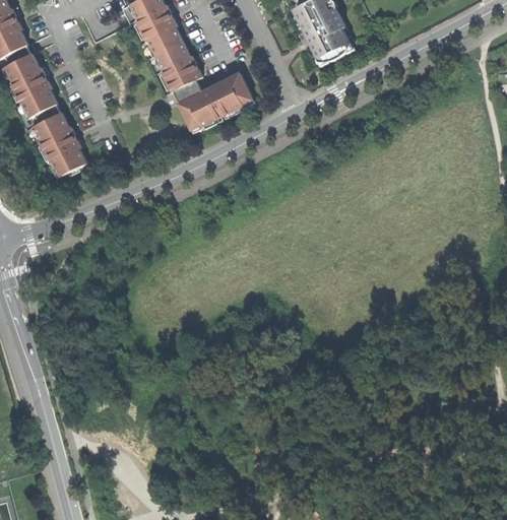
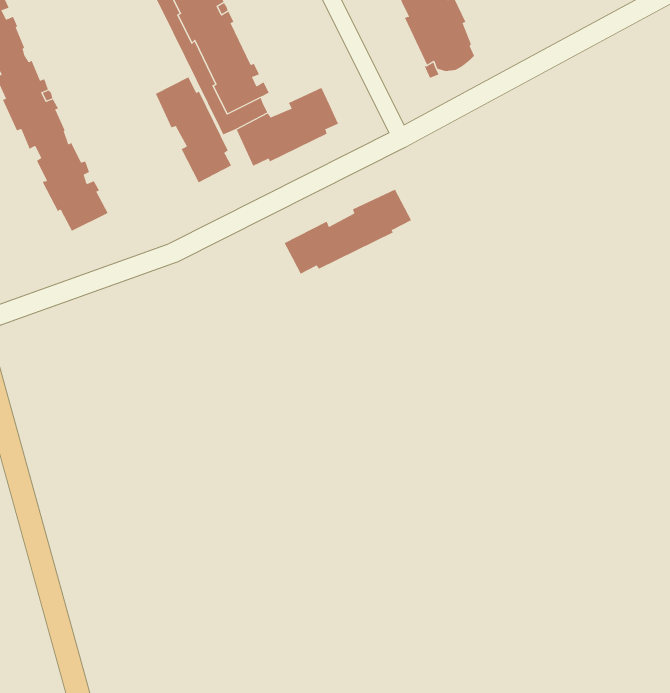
building: none -> [155,76,232,183]
building: none -> [284,189,412,274]

